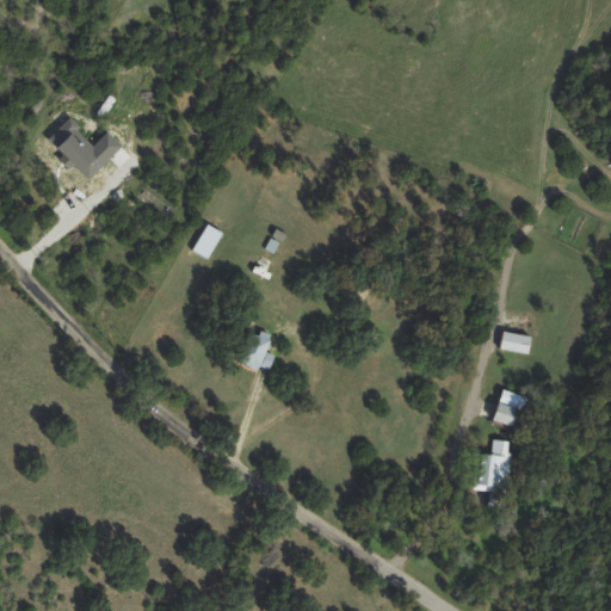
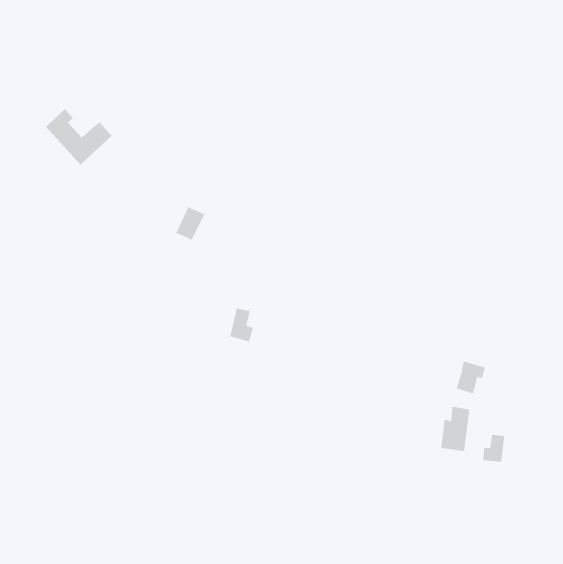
building: [501,332,532,354] -> none
building: none -> [483,434,505,463]

